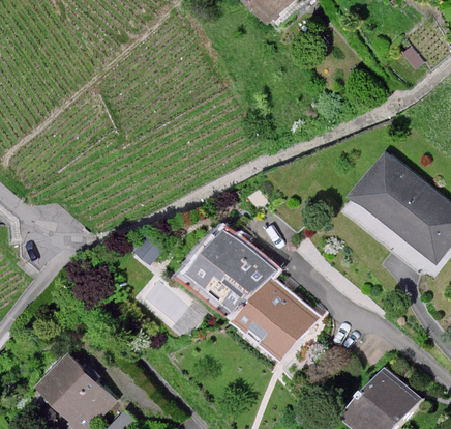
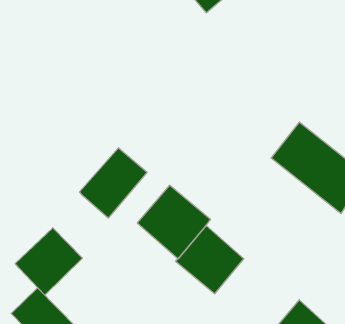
building: none -> [80,148,147,218]
building: none -> [15,228,82,295]

